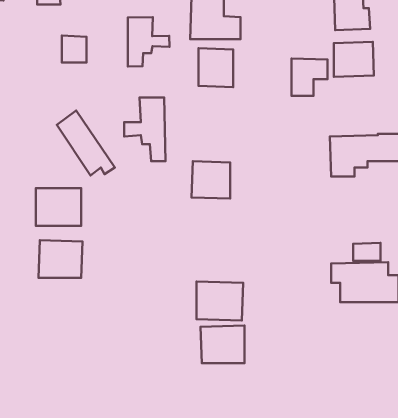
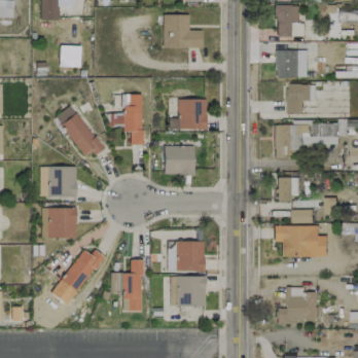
building: [128,17,169,66] -> none
building: [198,48,233,87] -> [178,99,206,130]
building: [291,58,328,96] -> [286,84,315,114]
building: none -> [277,178,299,202]
building: none -> [60,249,104,293]
building: none -> [110,260,142,312]
building: none -> [277,288,318,324]

